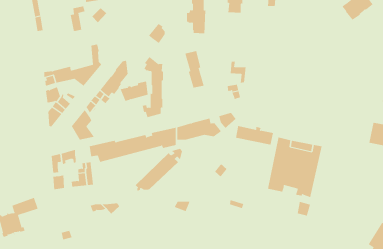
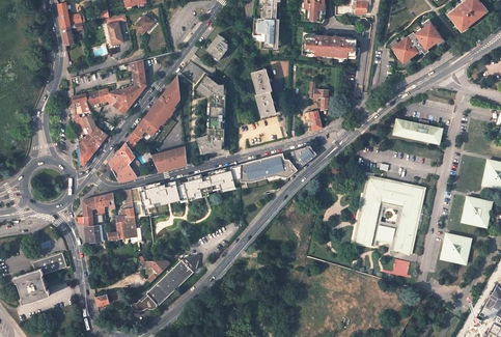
building: none -> [390,20,444,64]
building: none -> [303,34,357,57]
building: [120,81,149,101] -> [151,146,188,172]
building: [235,125,274,145] -> [393,119,442,144]
building: [135,148,183,191] -> [139,255,199,309]
building: none -> [462,196,492,226]
building: none -> [441,232,471,263]

